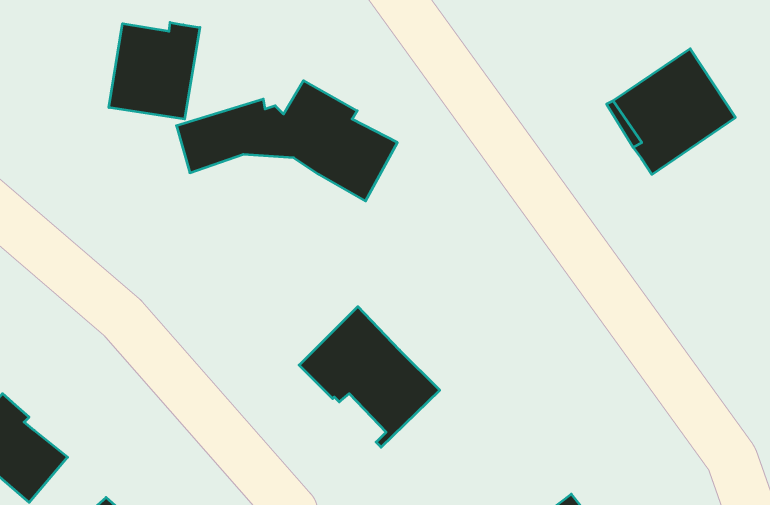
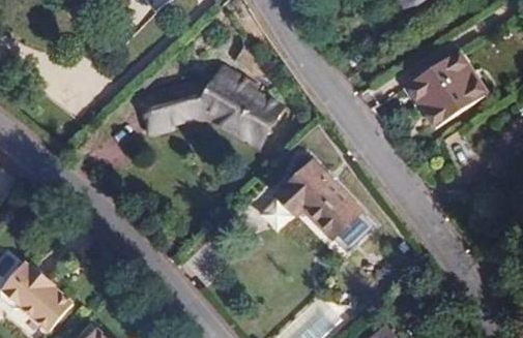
building: [109,22,200,119] -> none
building: [299,307,440,447] -> [275,159,362,246]

